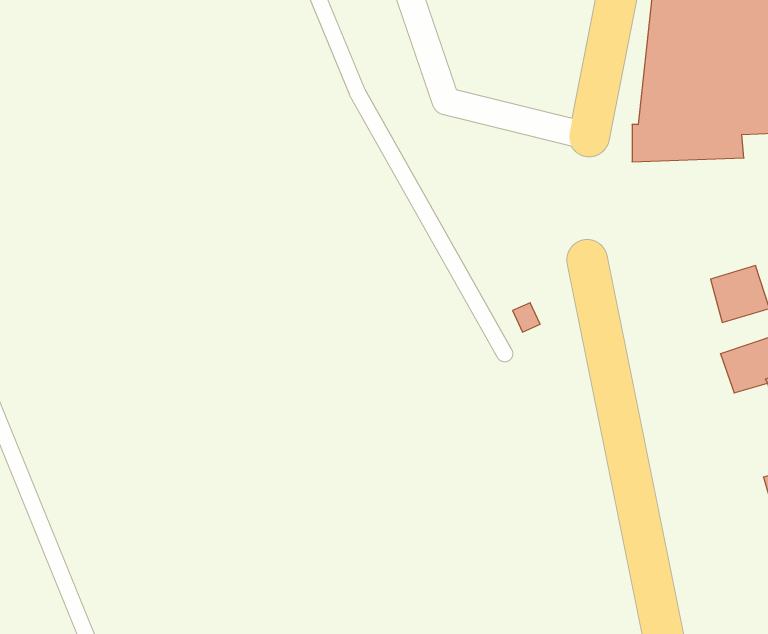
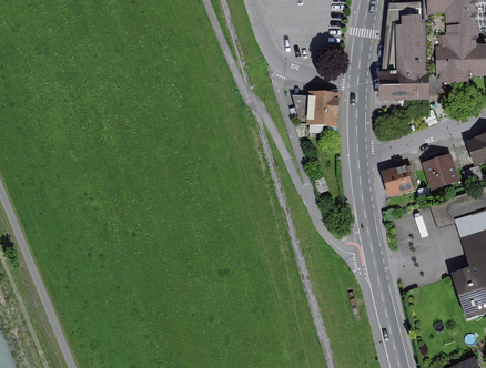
building: none -> [303,91,338,131]
building: none -> [385,163,418,193]

